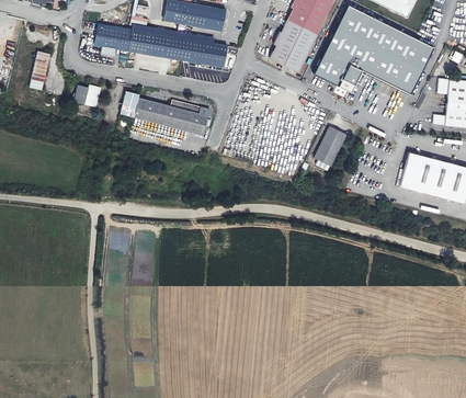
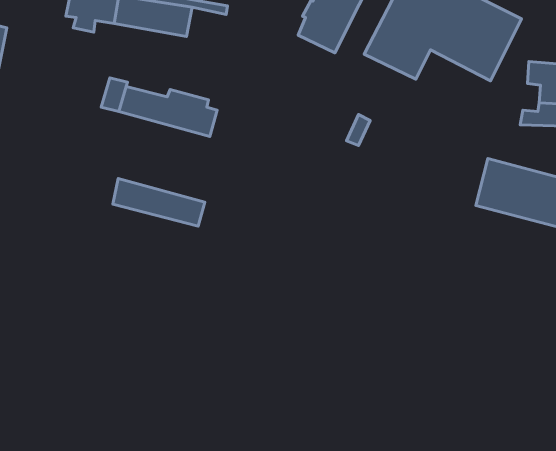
building: [183,38,228,67] -> none
building: [73,84,101,107] -> none
building: [315,126,345,164] -> none
building: none -> [113,179,205,226]

